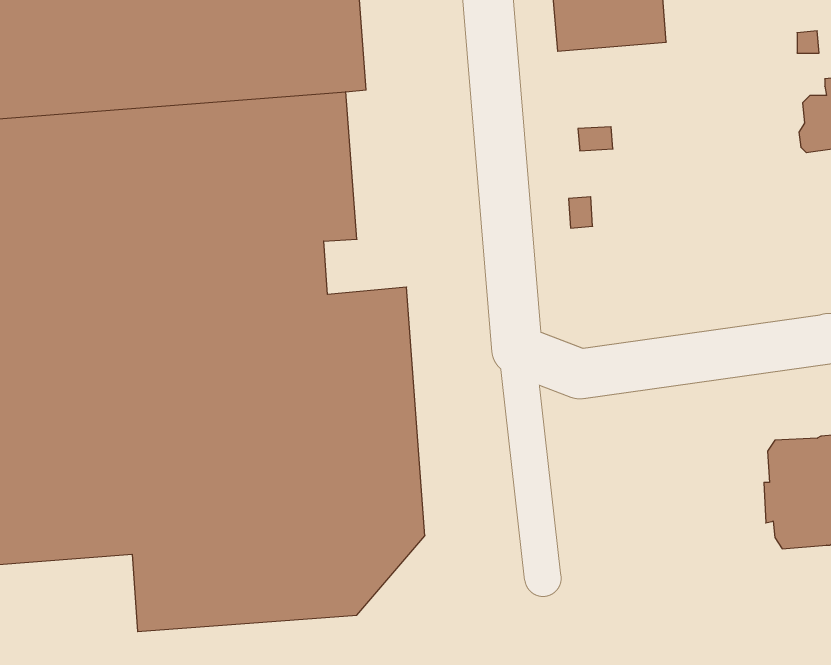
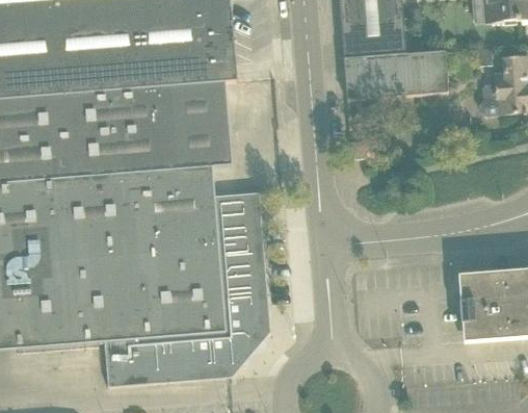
building: none -> [343,49,447,98]

